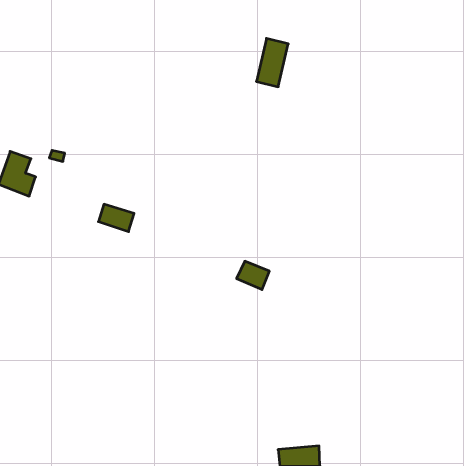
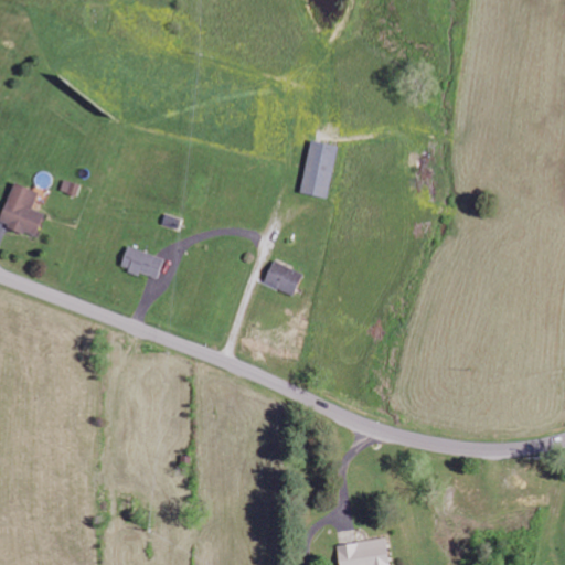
building: [256,38,288,87] -> [299,140,338,199]
building: [237,261,269,290] -> [263,262,302,296]

